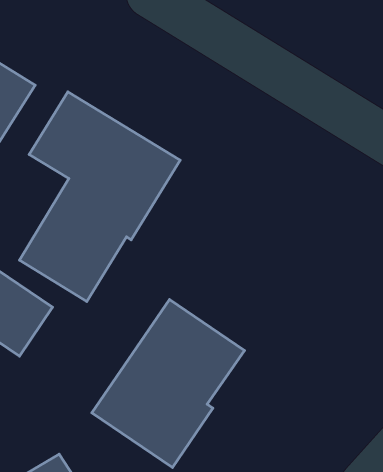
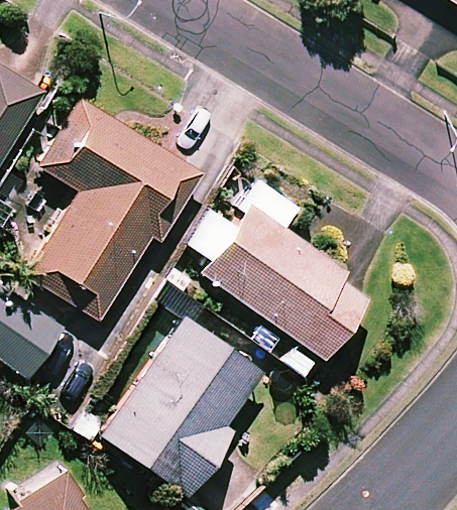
building: none -> [190,185,370,380]

